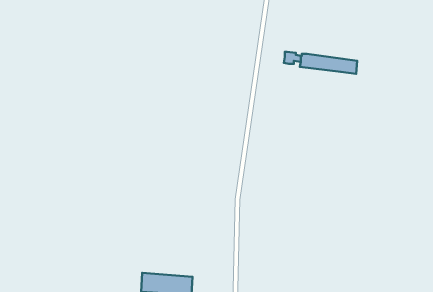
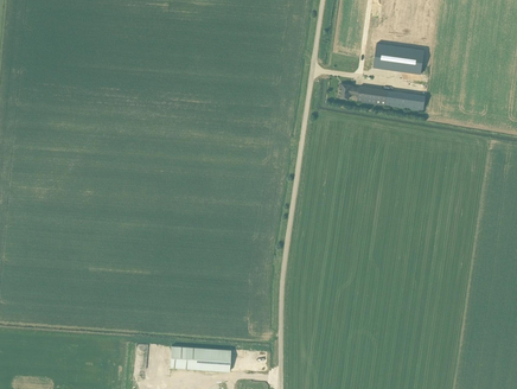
building: none -> [375,43,426,74]

